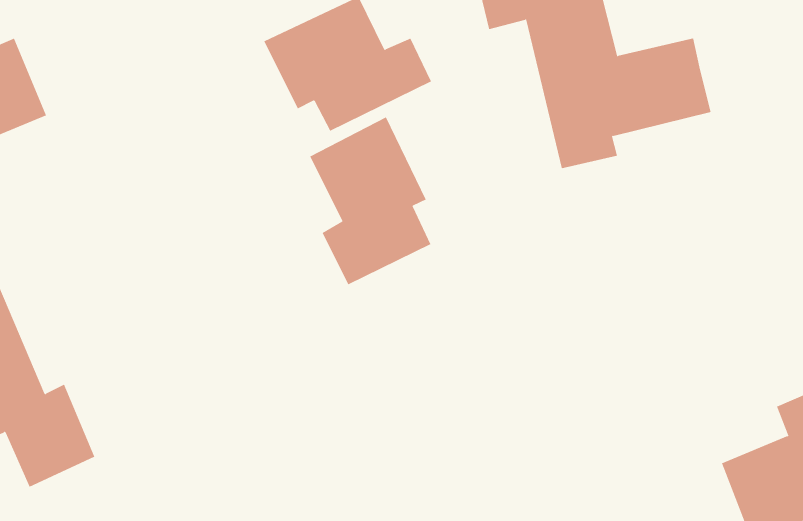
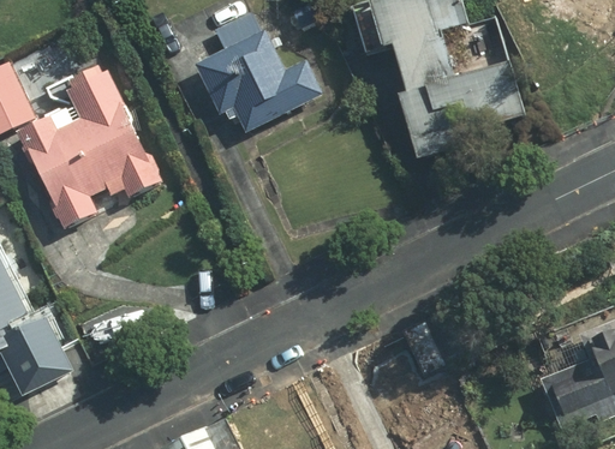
building: none -> [17,64,159,227]
building: [310,117,431,285] -> none

